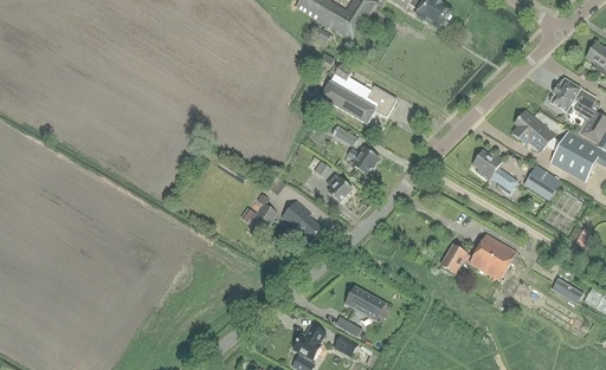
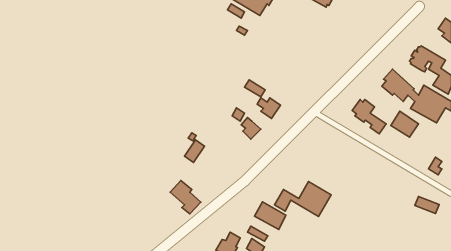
building: [320,65,397,123] -> none
building: [282,200,322,244] -> [170,181,201,214]
building: [440,233,515,279] -> [275,181,331,216]

